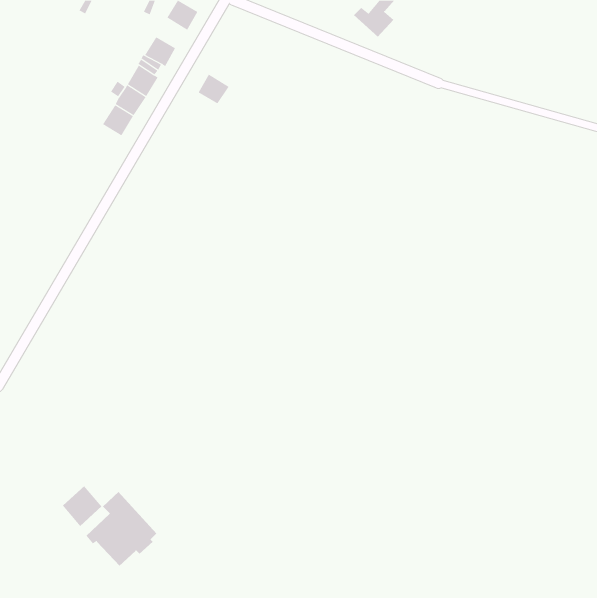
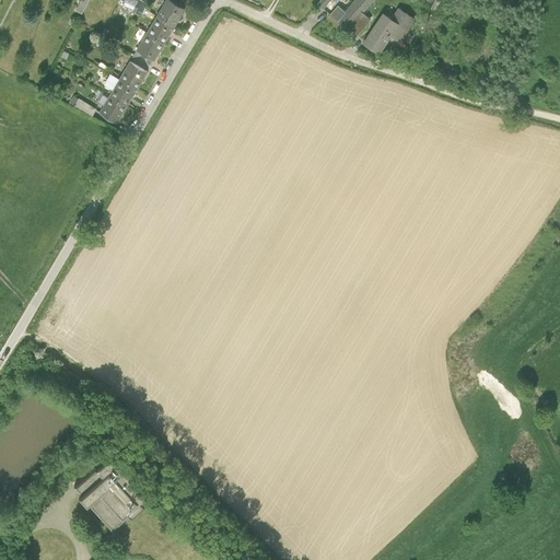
building: none -> [362,9,412,52]
building: [198,74,230,104] -> [145,18,175,46]
building: [62,485,102,527] -> none

